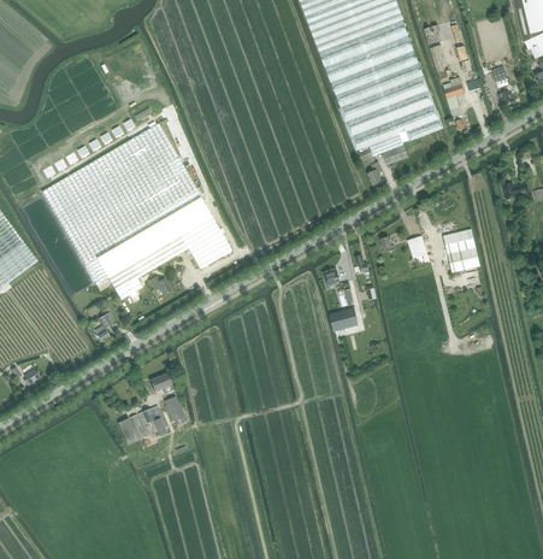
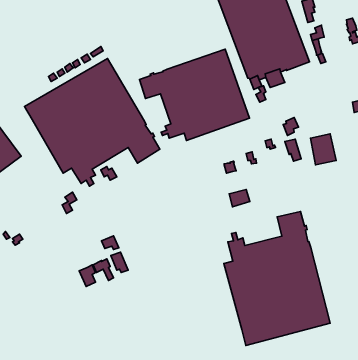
building: none -> [140,49,250,141]
building: none -> [224,211,330,346]

